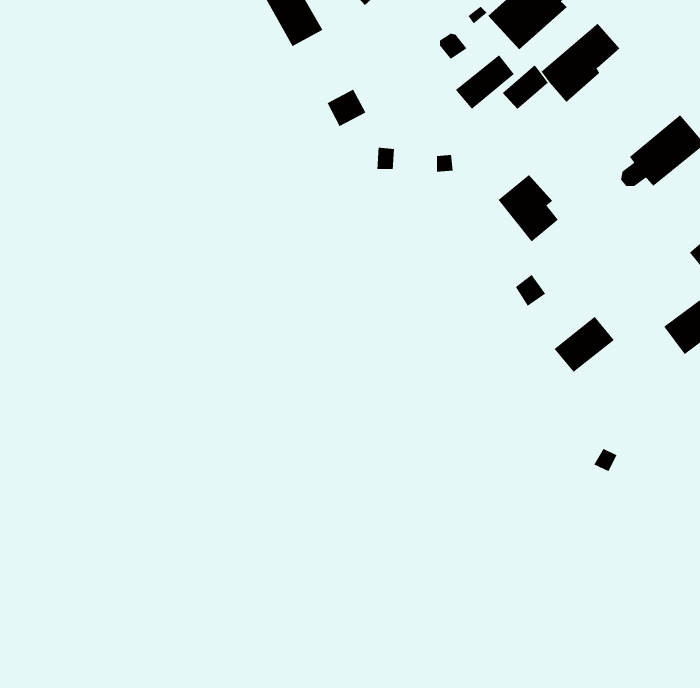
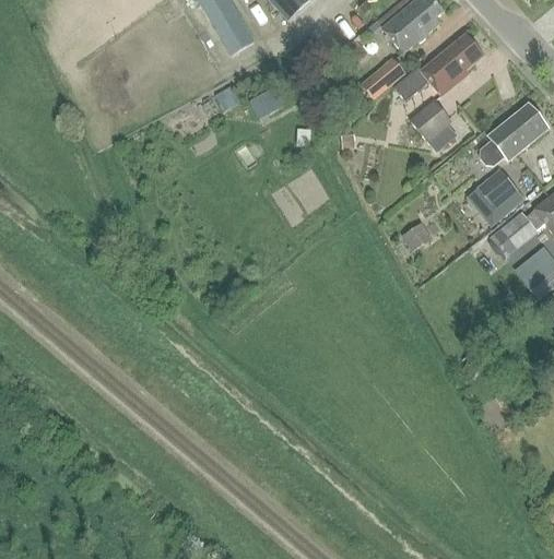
building: [497,174,559,243] -> [408,100,455,153]
building: none -> [475,168,524,218]
building: [553,316,615,373] -> [488,212,535,255]

